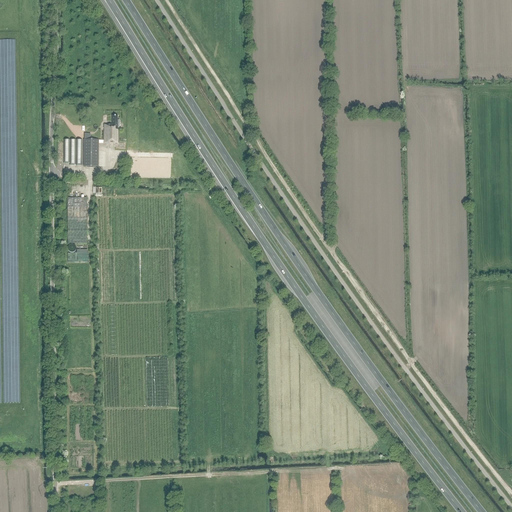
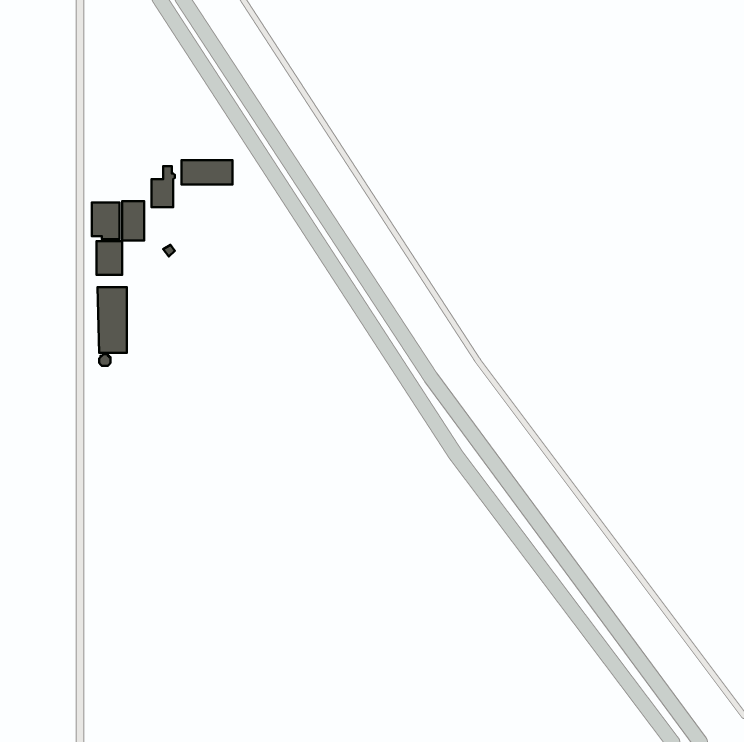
building: none -> [182,160,232,184]
building: none -> [96,241,122,275]

